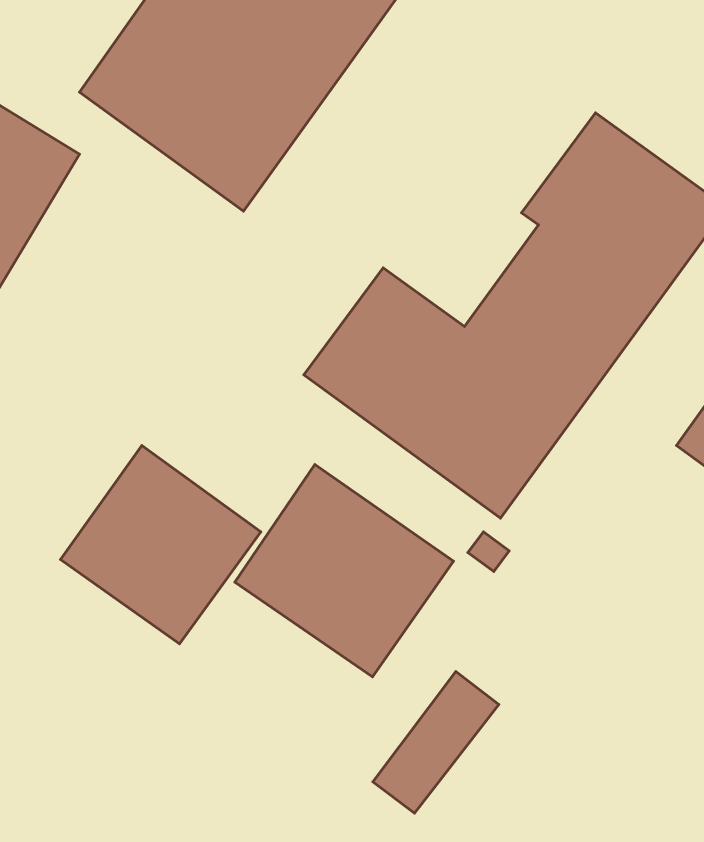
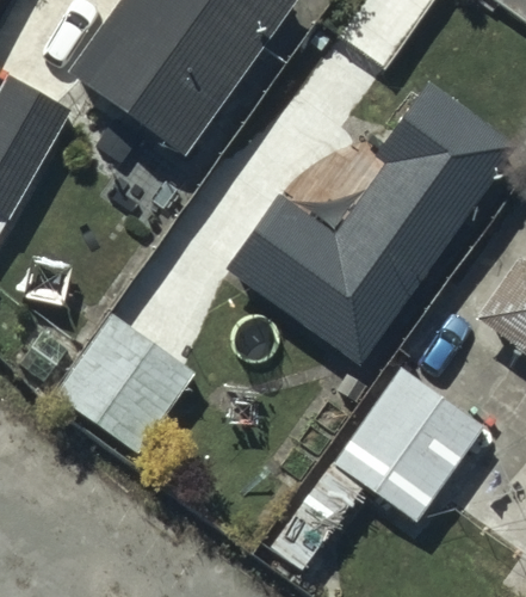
building: [235,464,454,677] -> none
building: none -> [336,370,484,521]

